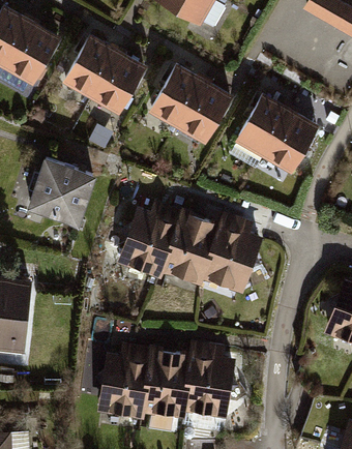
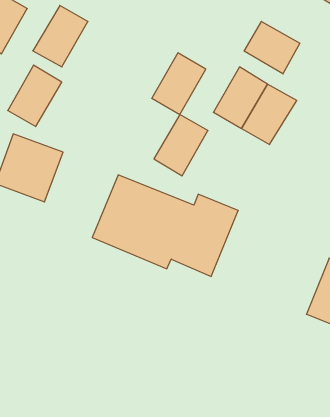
building: none -> [244,21,300,74]
building: [92,52,144,111] -> [8,65,62,127]
building: [151,66,203,125] -> [154,114,208,176]
building: [100,349,231,425] -> none

